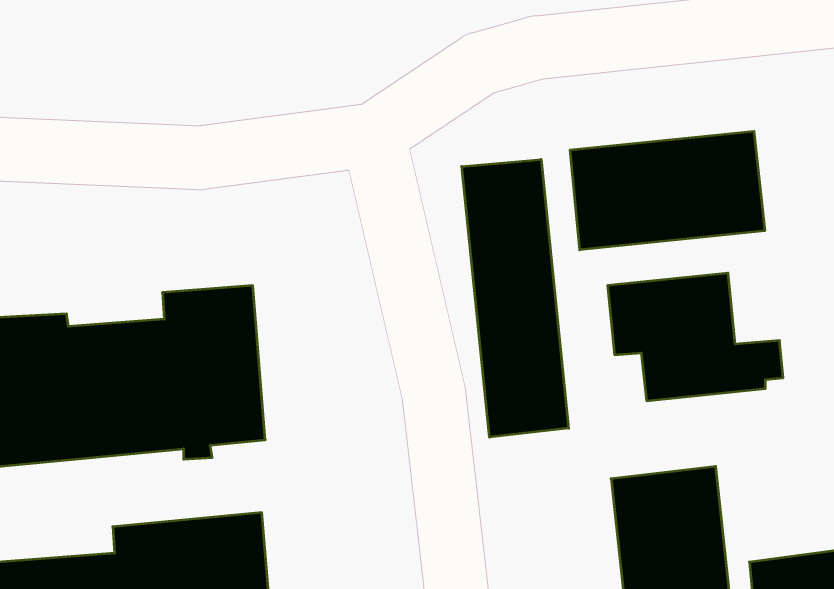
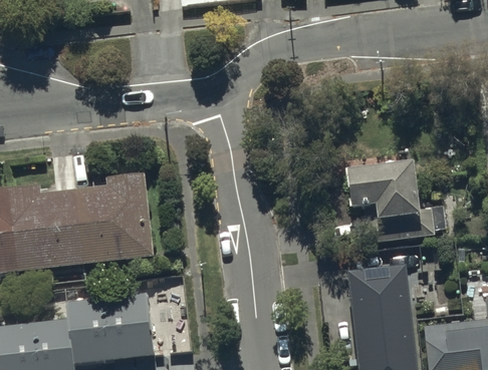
building: [570,131,765,250] -> none
building: [462,159,569,437] -> none

